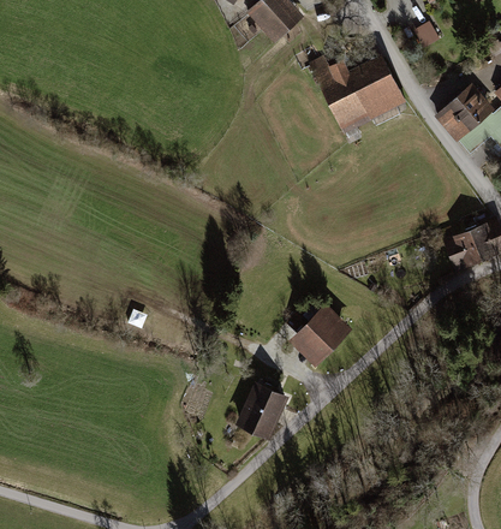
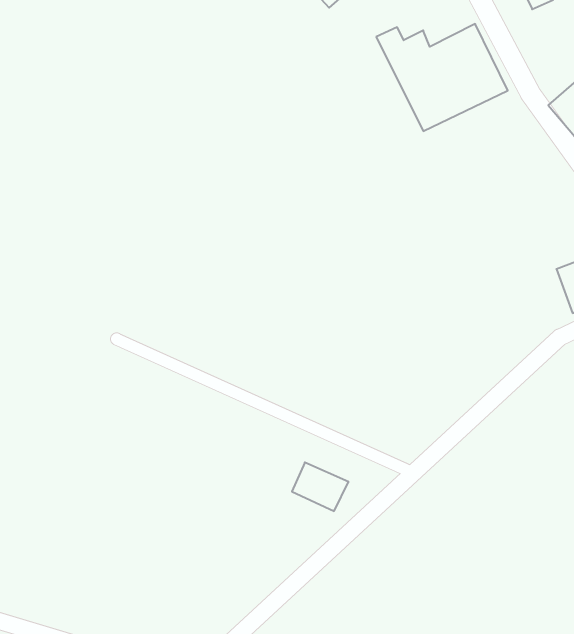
building: [290,302,350,362] -> none
building: [235,400,276,436] -> none

